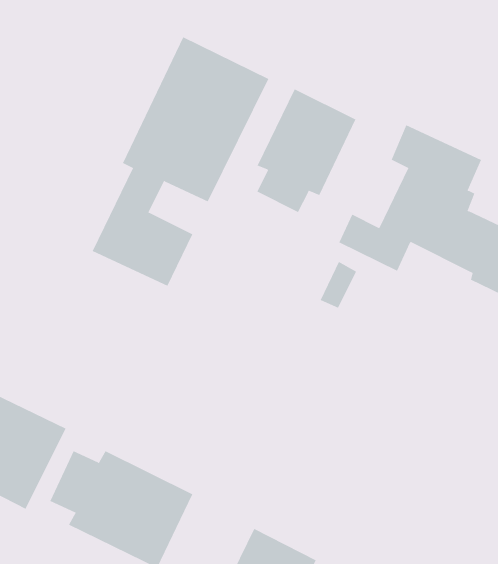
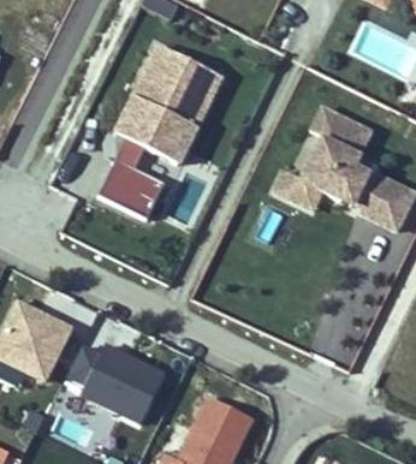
building: [256,88,356,213] -> none

